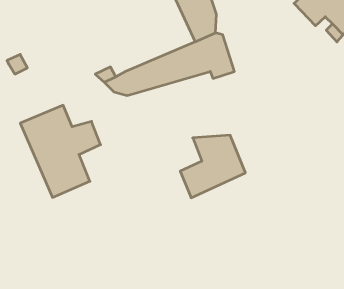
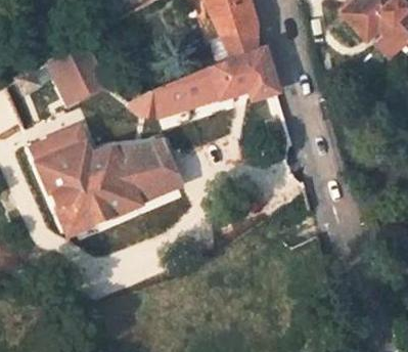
building: none -> [54,43,107,102]
building: [180,135,245,198] -> [99,145,174,217]

